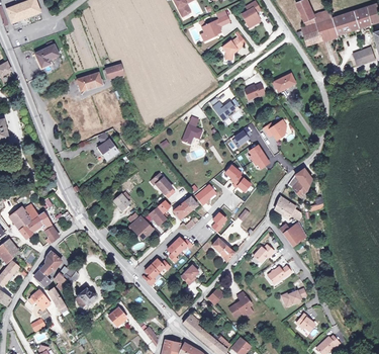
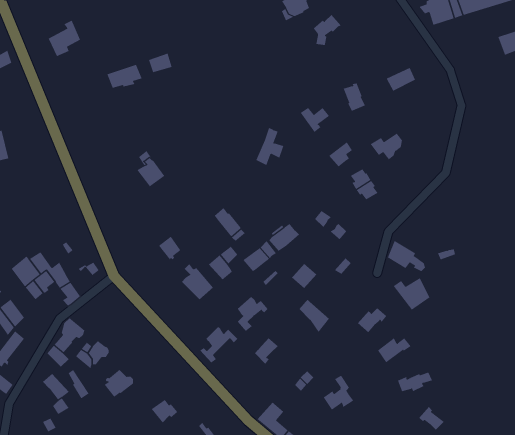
building: [288,168,311,197] -> none

